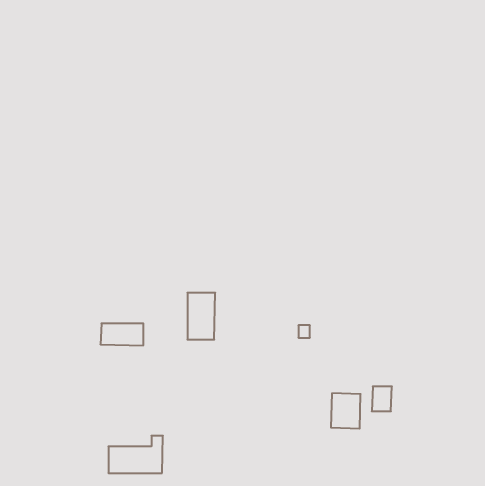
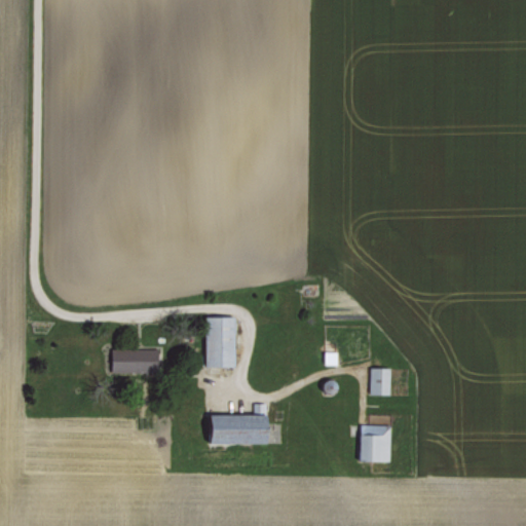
building: [372,386,392,411] -> [370,369,391,396]
building: [108,436,163,473] -> [209,405,267,445]

